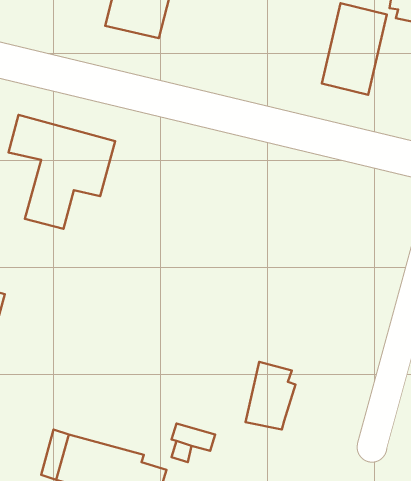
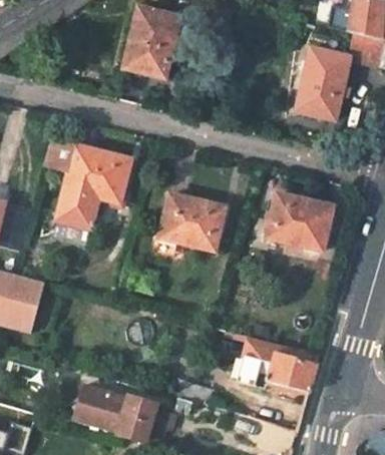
building: none -> [159,192,224,248]
building: none -> [265,192,330,249]
building: none -> [267,342,320,392]

